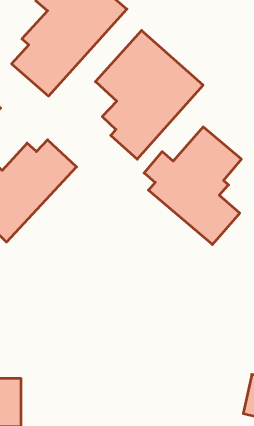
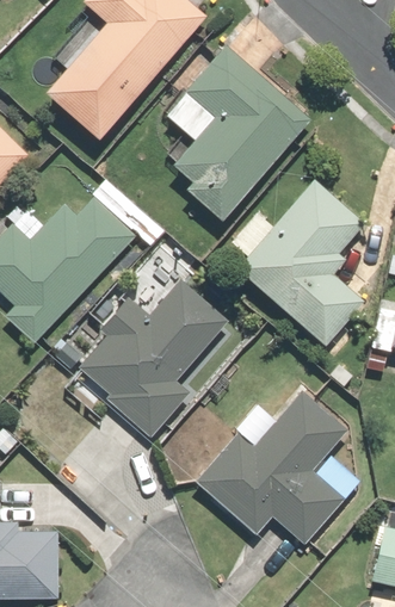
building: none -> [80,279,229,438]
building: none -> [193,388,351,544]

